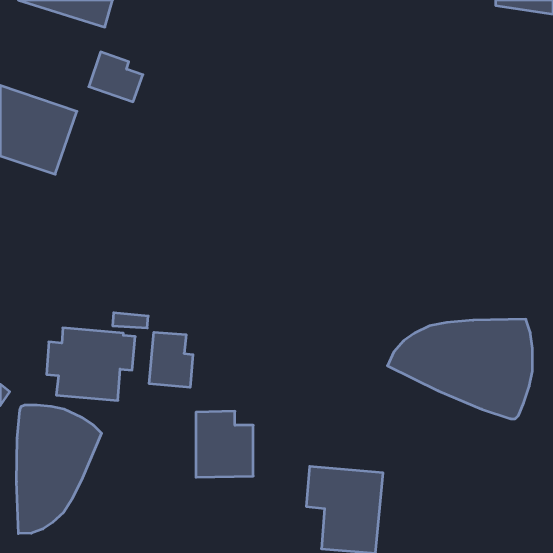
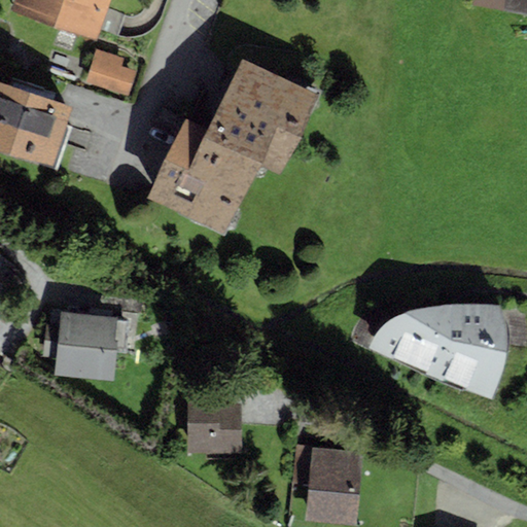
building: none -> [146,58,318,237]
building: [149,332,193,387] -> none
building: [17,405,102,534] -> none

